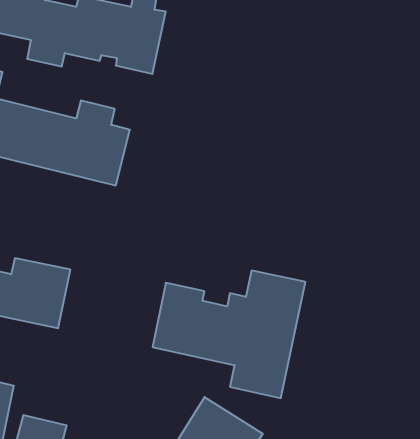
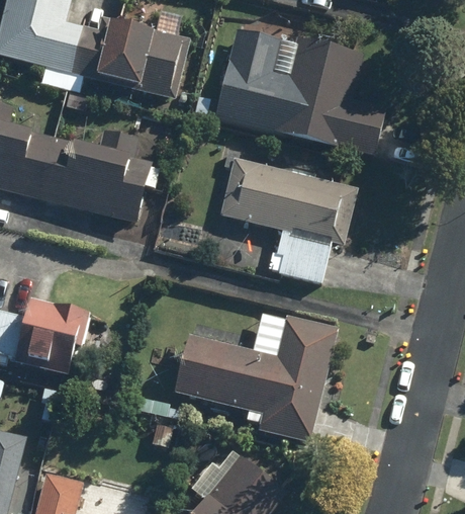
building: none -> [210,27,386,153]
building: none -> [219,157,359,285]

